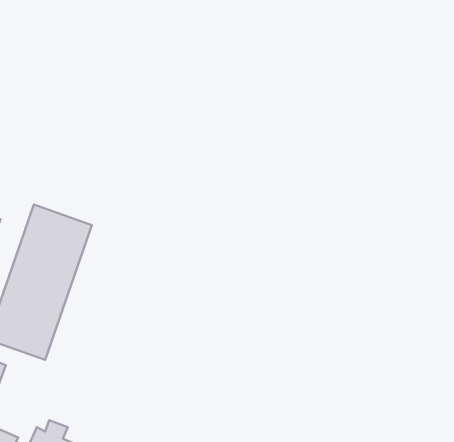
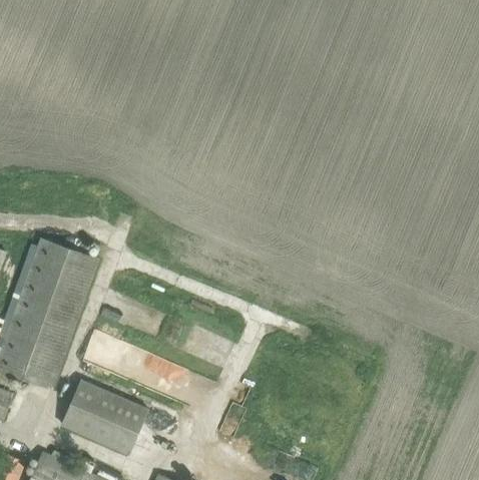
building: none -> [60,380,147,456]

